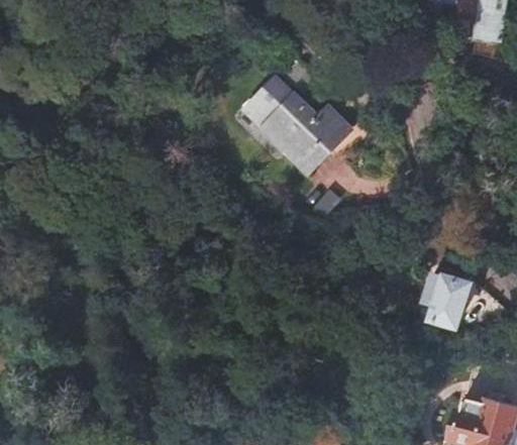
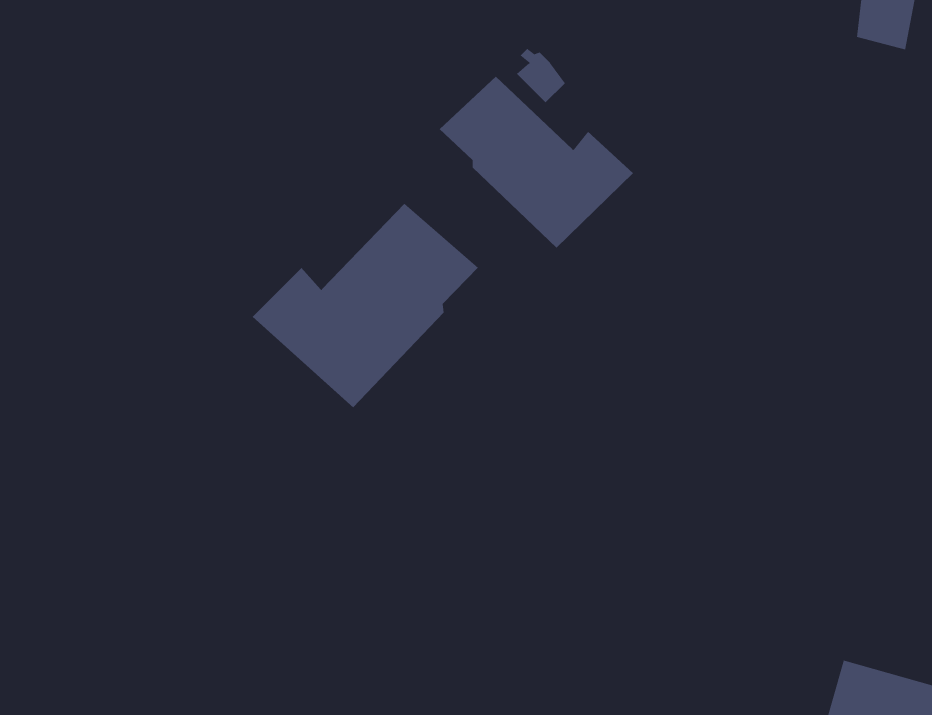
building: none -> [252,203,479,408]
building: [424,275,464,327] -> none

